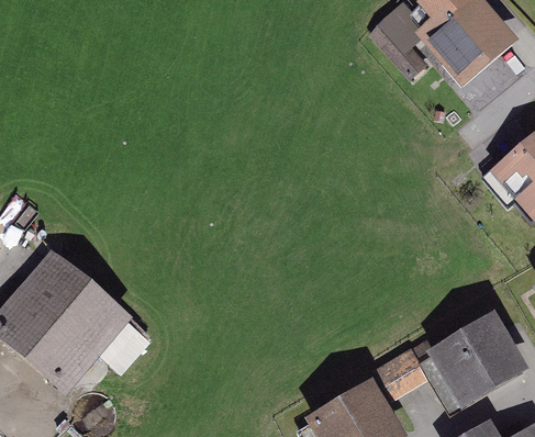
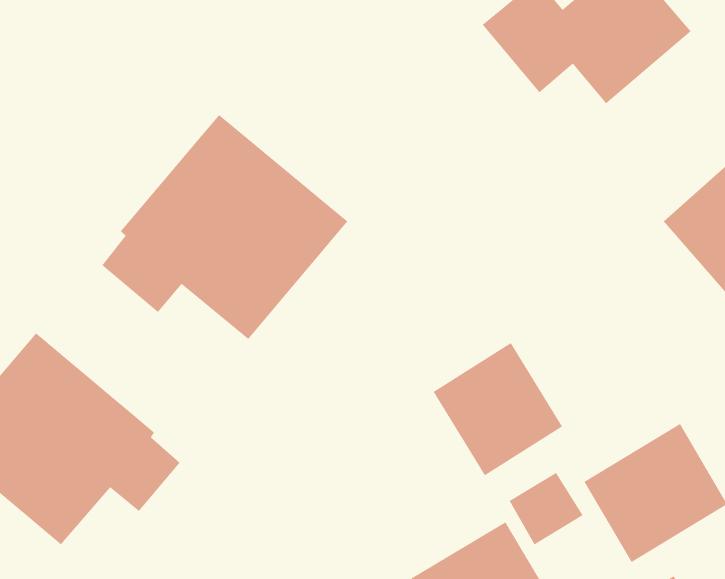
building: none -> [102,114,348,340]
building: none -> [433,342,563,476]

